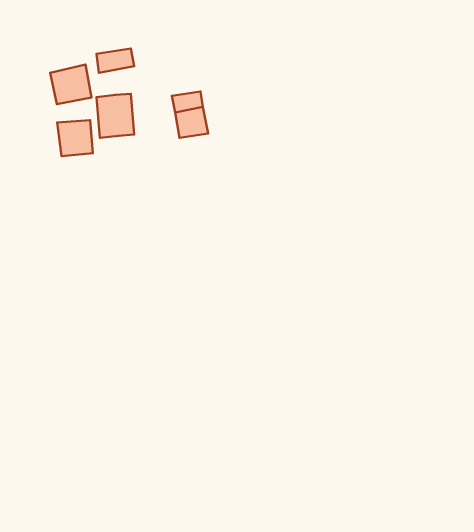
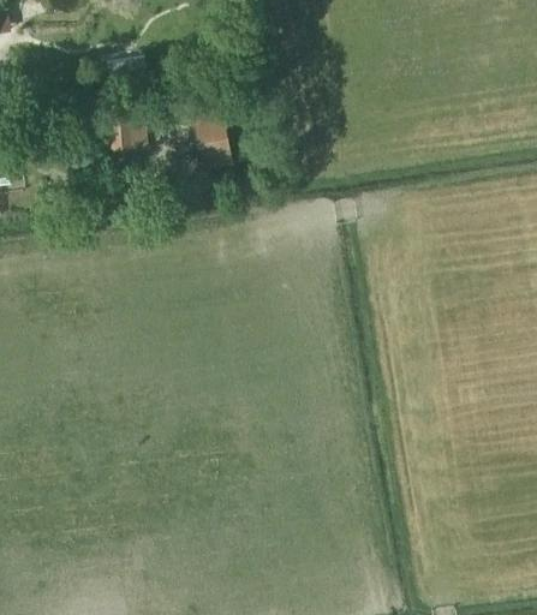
building: [50,64,92,104] -> none
building: [57,120,93,156] -> none

